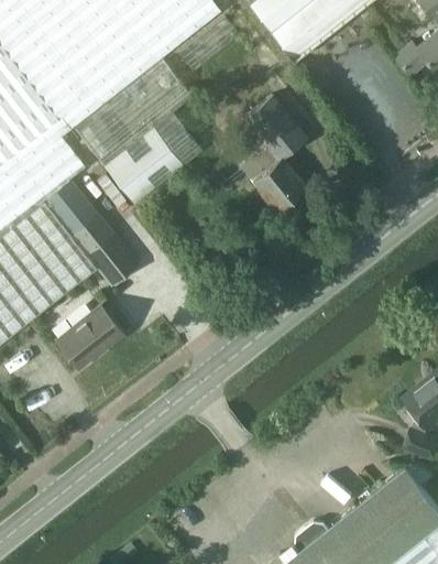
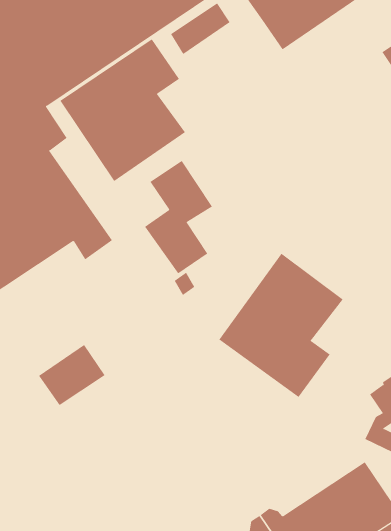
building: [239,95,306,209] -> [144,160,213,274]
building: none -> [219,253,343,398]
building: [55,304,122,368] -> [38,344,105,406]

